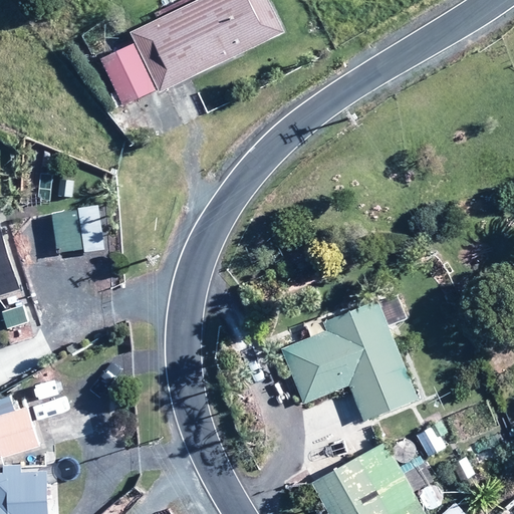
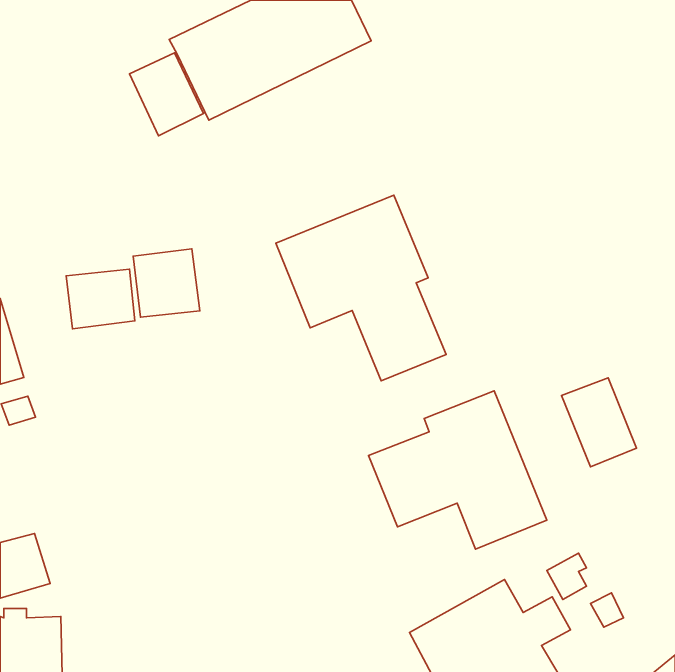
building: none -> [276,195,446,381]
building: none -> [133,249,200,317]
building: none -> [561,378,637,467]

